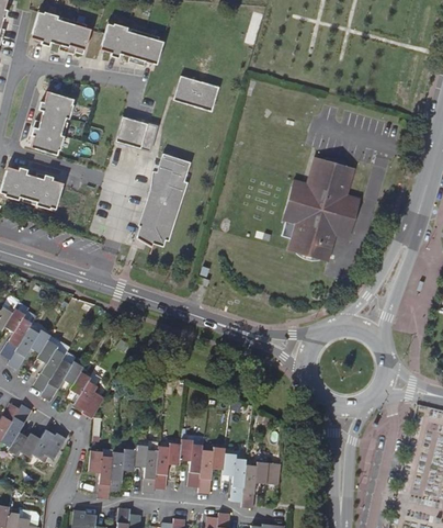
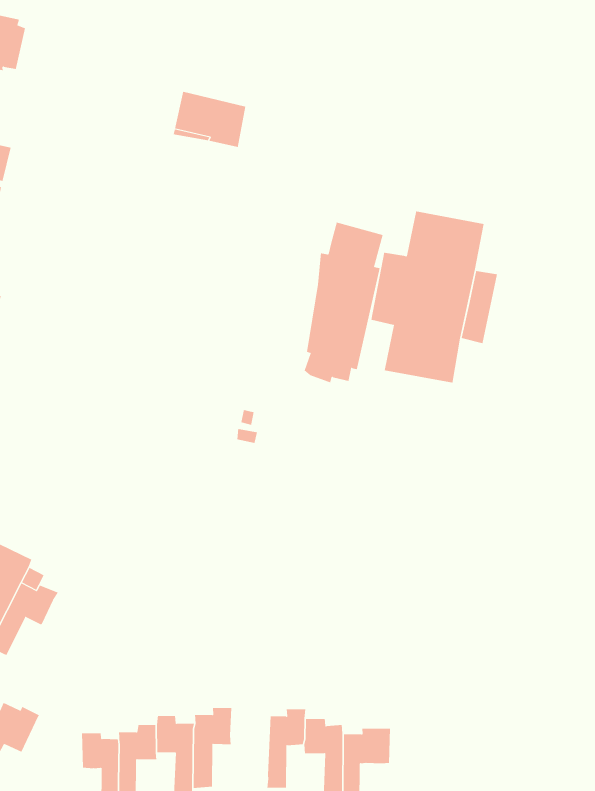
building: [102,20,164,65] -> none
building: [116,116,158,151] -> none
building: [137,151,191,247] -> [304,222,383,383]
building: [69,370,104,417] -> none
building: [179,438,203,486] -> none

